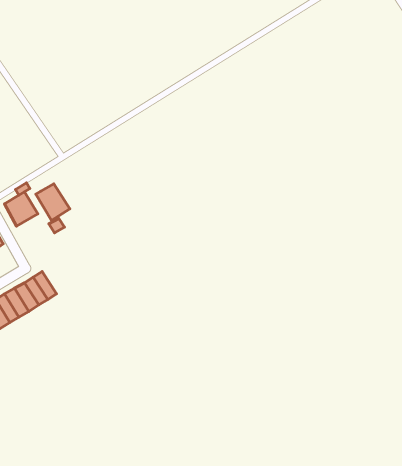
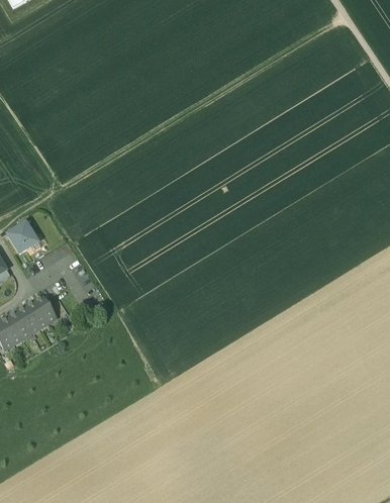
building: [36,184,70,220] -> none

